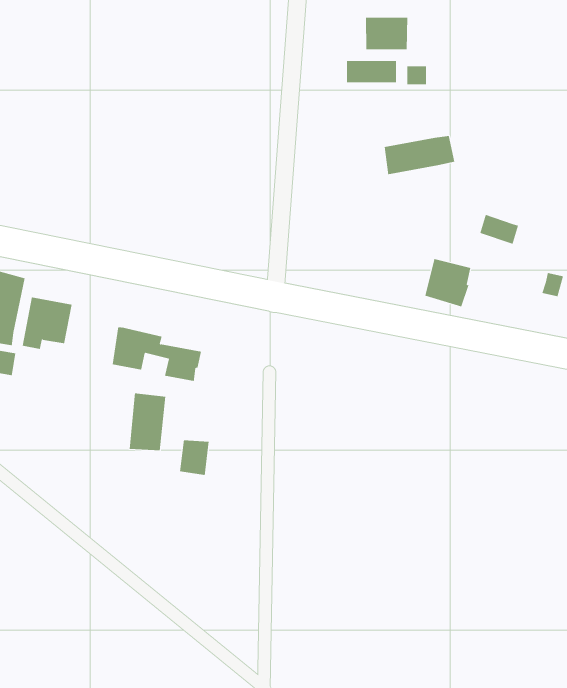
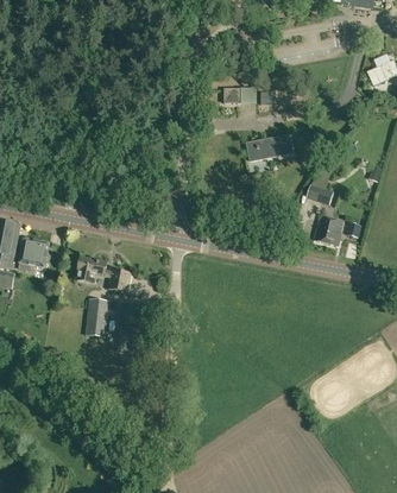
building: [365,17,408,50] -> none
building: [424,258,471,307] -> [314,215,344,246]

